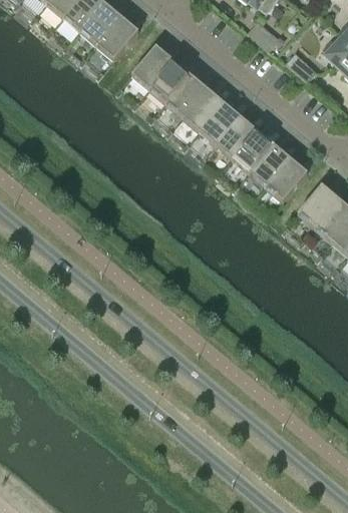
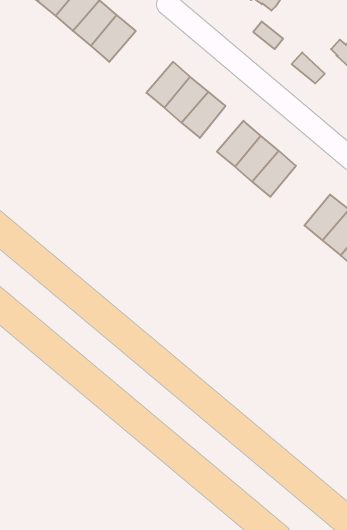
building: [131,45,173,89] -> none
building: [199,101,240,144] -> none
building: [265,157,307,201] -> none

